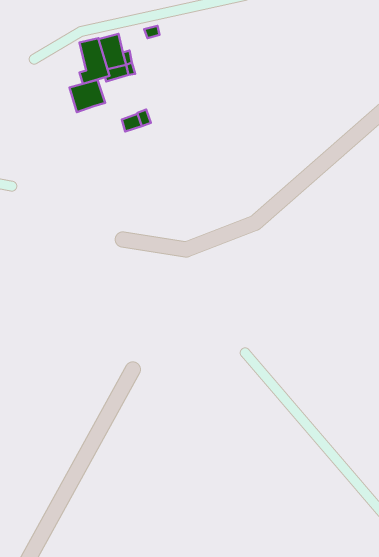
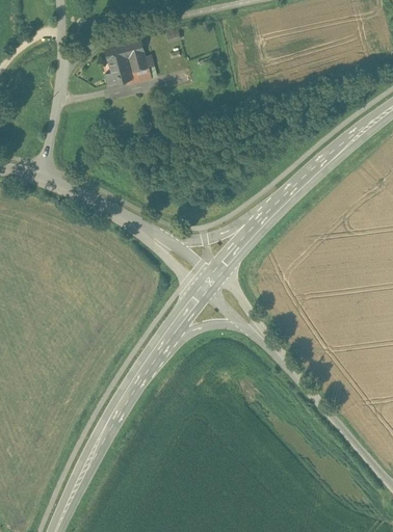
building: [69,80,105,112] -> none

